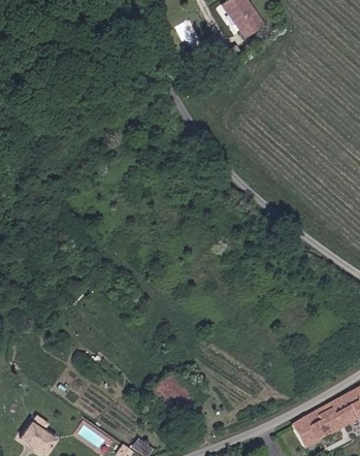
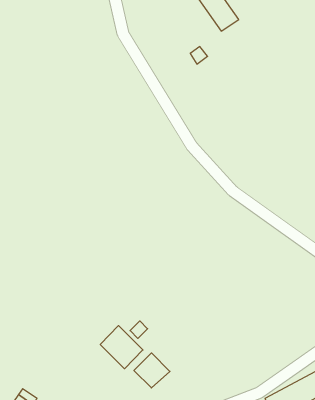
building: none -> [100,326,143,369]

